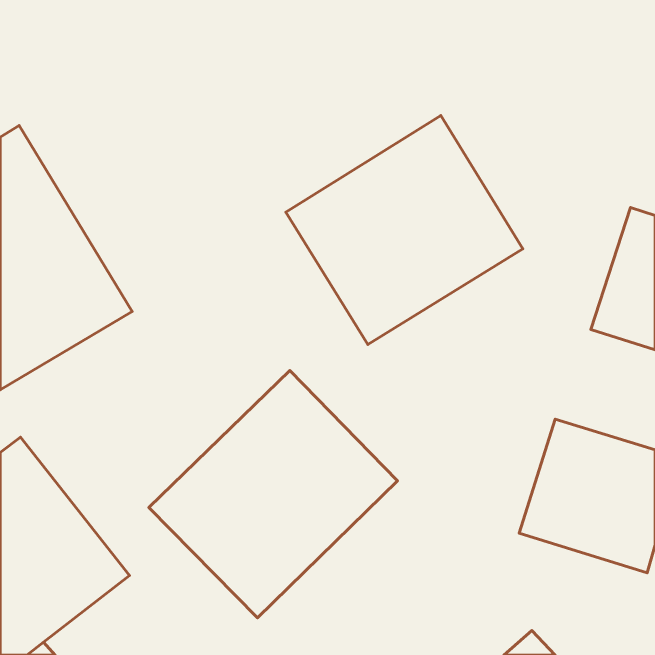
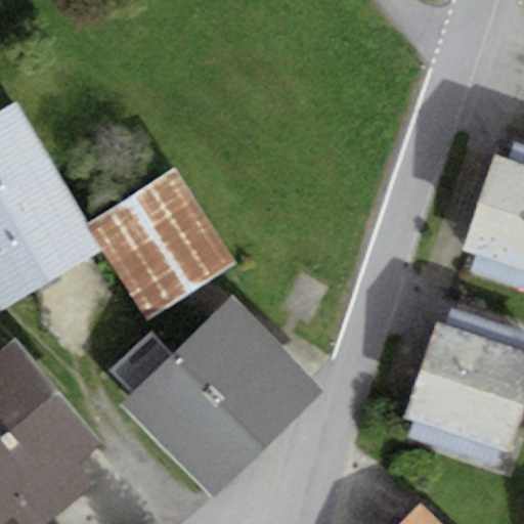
building: [286,115,523,344] -> none
building: none -> [90,169,233,317]

